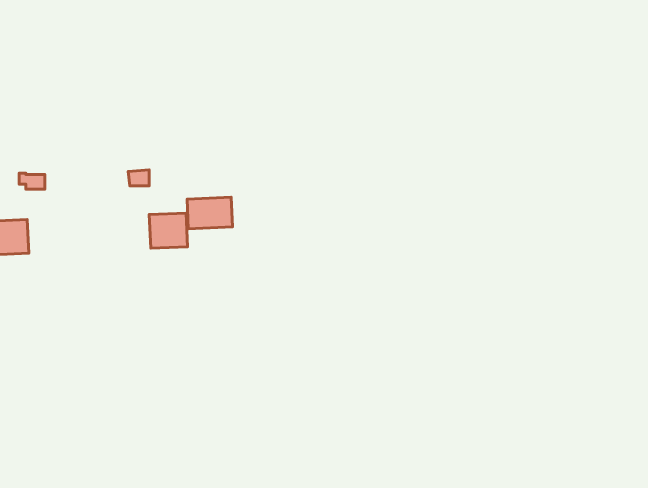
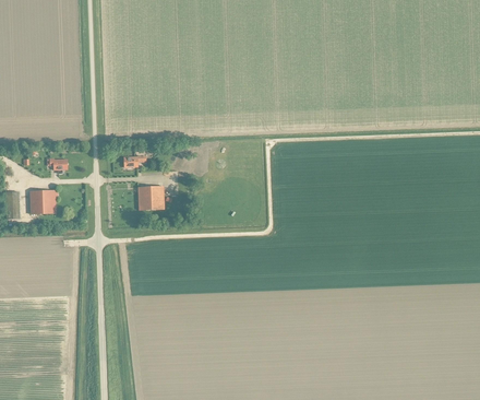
building: [187,197,232,229] -> none

